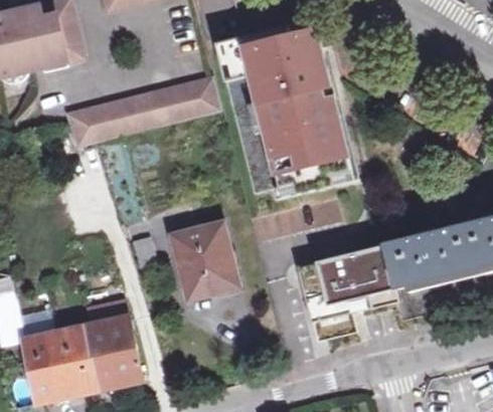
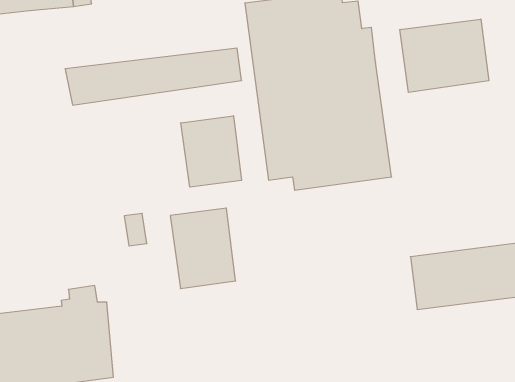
building: none -> [400,19,489,92]
building: none -> [181,116,242,187]
building: [299,243,394,321] -> none

